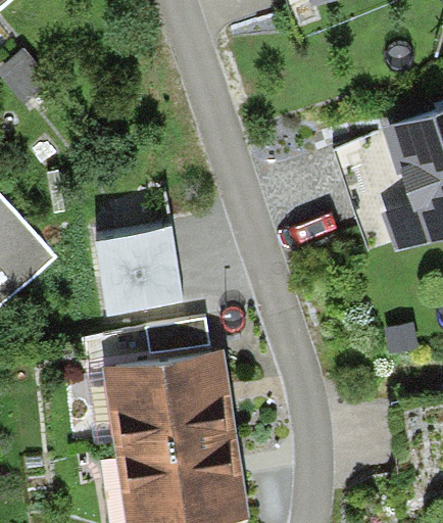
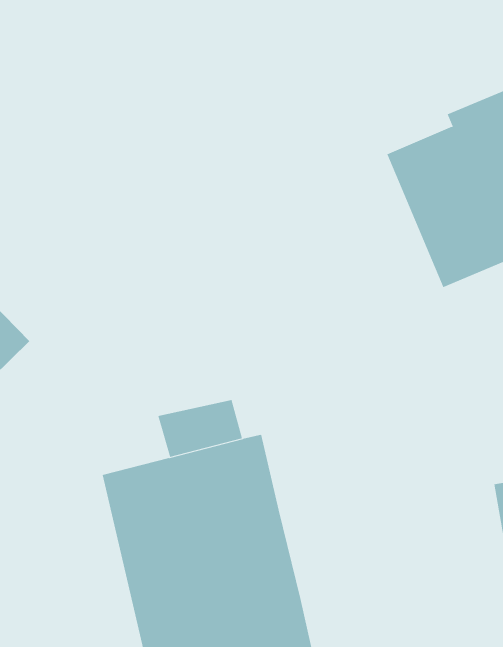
building: [104,227,189,314] -> none

